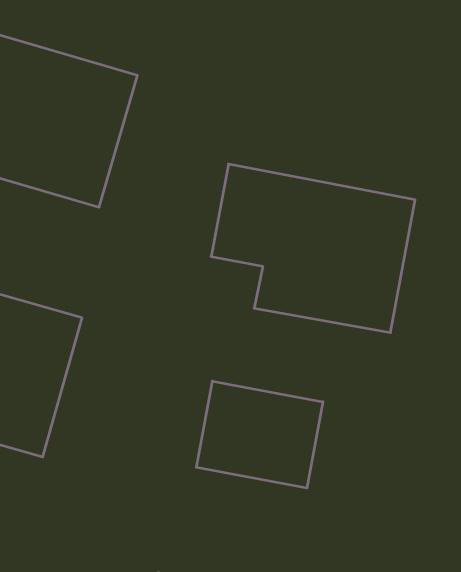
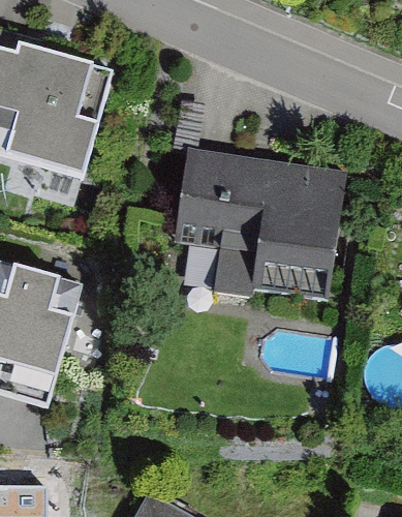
building: [196,381,323,488] -> none

